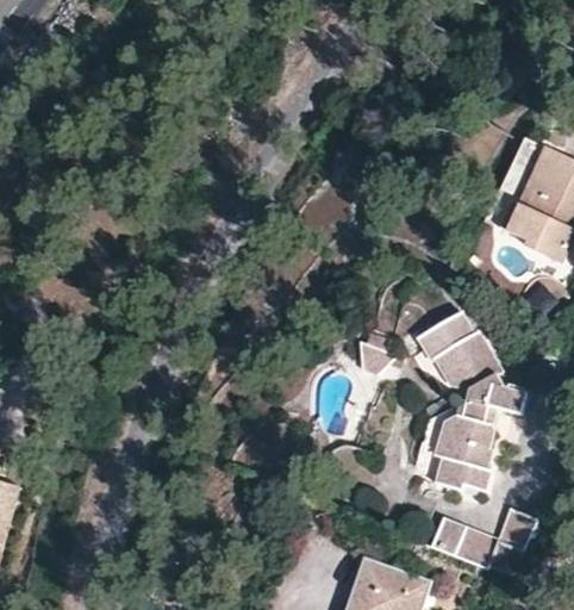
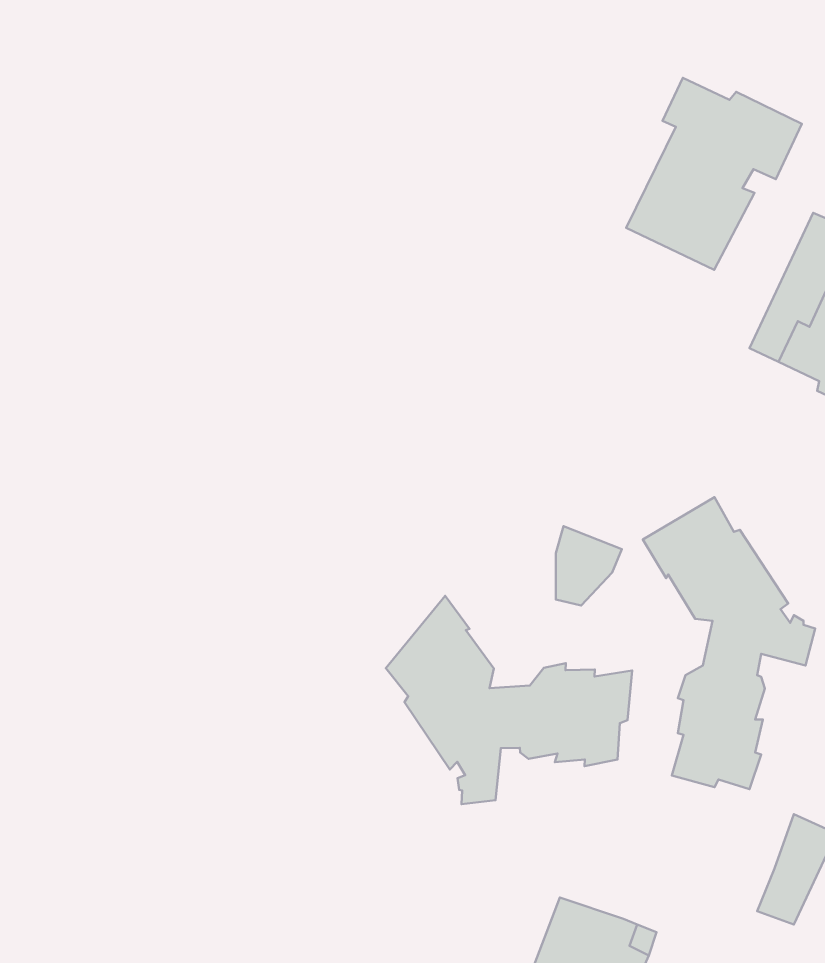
building: none -> [626,78,802,270]
building: none -> [386,596,632,804]
building: [432,518,499,569] -> none

